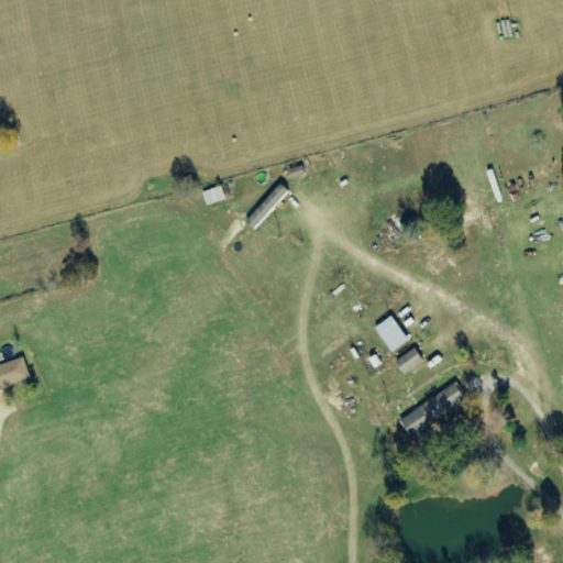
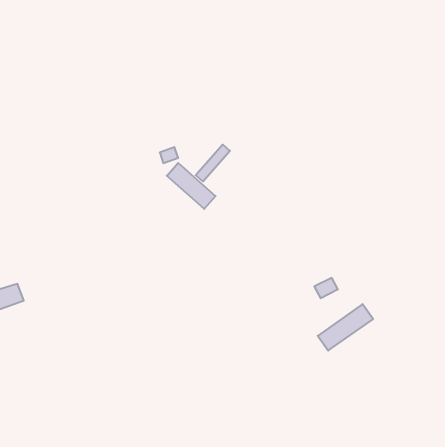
building: none -> [167,163,216,209]
building: [374,316,408,352] -> none

